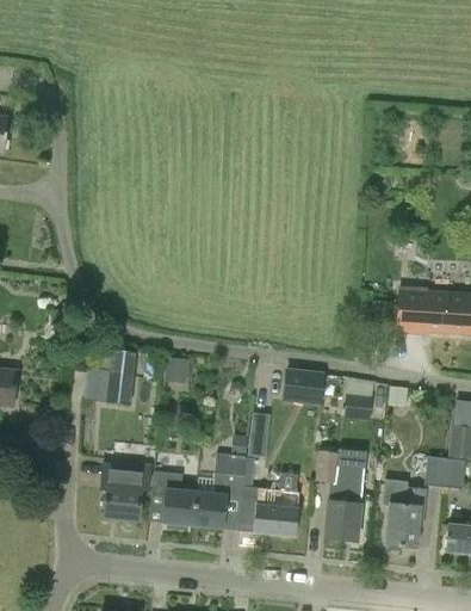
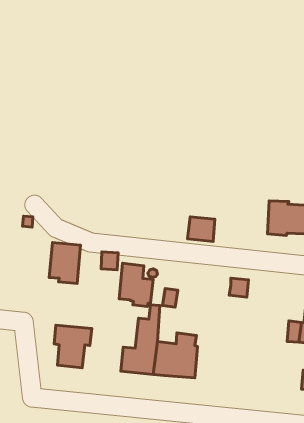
building: [284,374,322,408] -> [188,217,215,241]
building: [315,443,367,541] -> none
building: [148,469,196,530] -> [119,263,153,307]
building: [382,477,427,547] -> none

